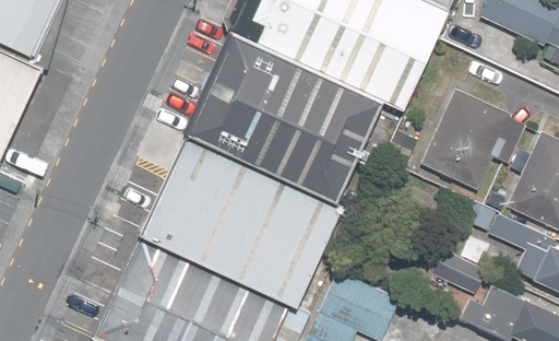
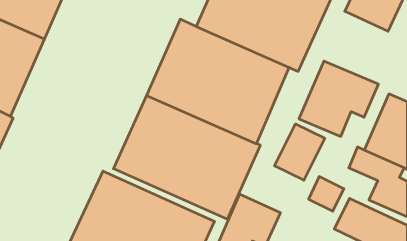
building: none -> [275,124,325,180]

